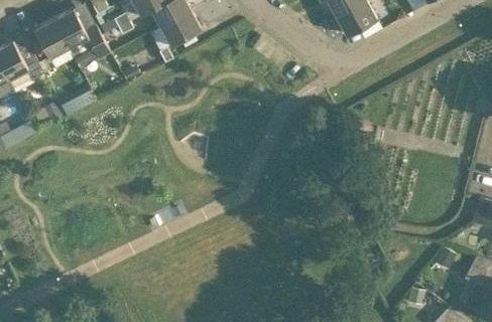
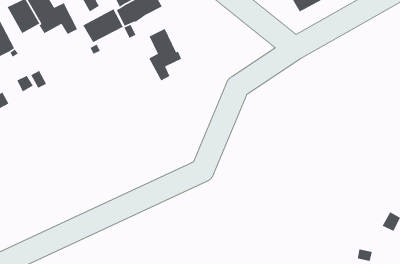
building: none -> [82,8,124,43]
building: none -> [148,28,182,82]

